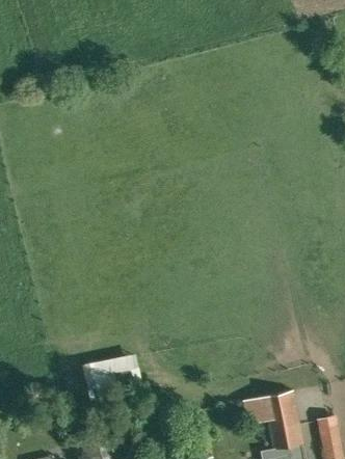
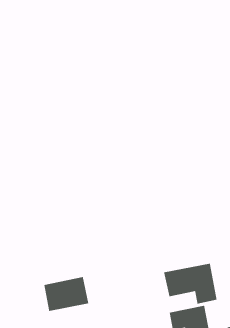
building: none -> [164,263,217,304]

